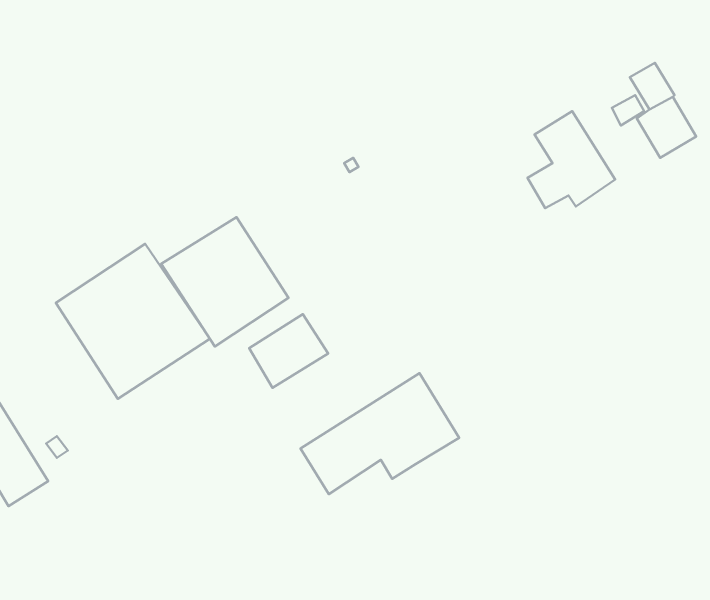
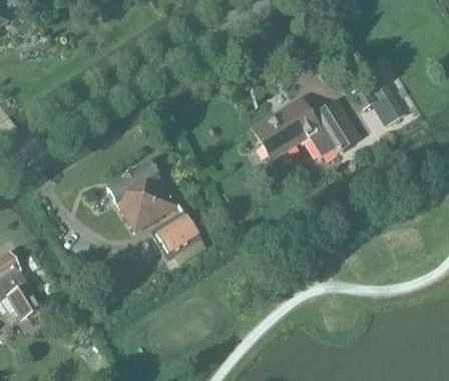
building: none -> [252,97,320,159]
building: [56,244,210,399] -> none
building: [300,373,459,494] -> none

